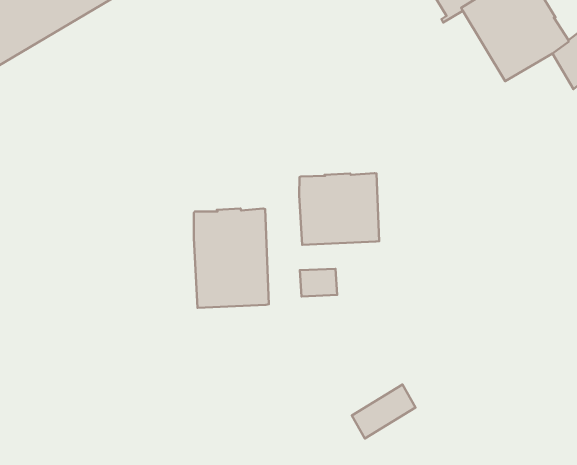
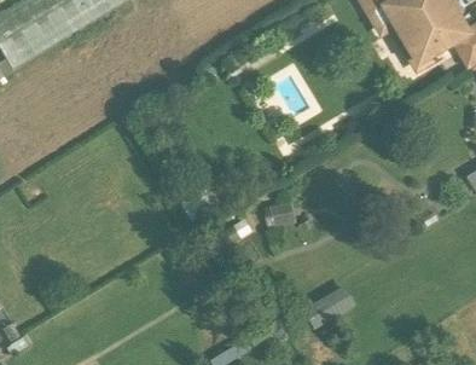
building: [299,173,379,245] -> none
building: [194,209,269,308] -> none

